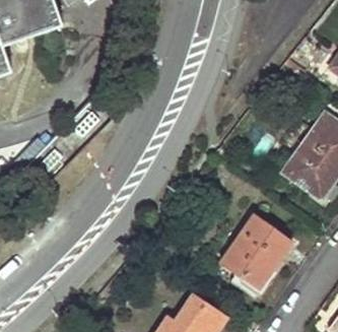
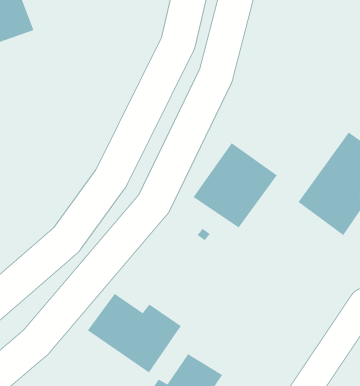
building: [220,215,291,287] -> [193,142,278,229]
building: none -> [87,293,182,374]

